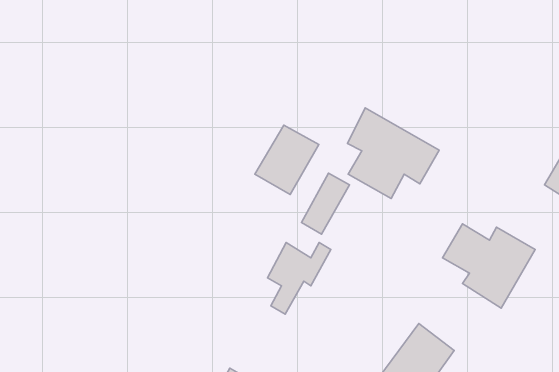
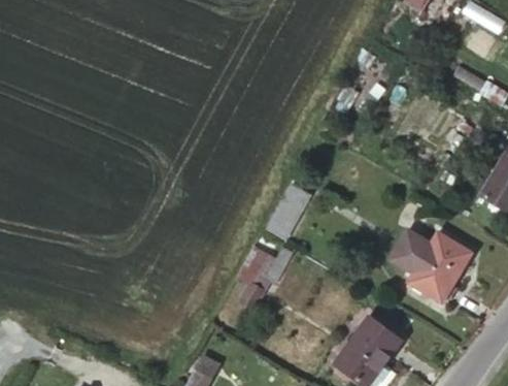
building: [348,108,439,199] -> none
building: [255,125,319,195] -> none

